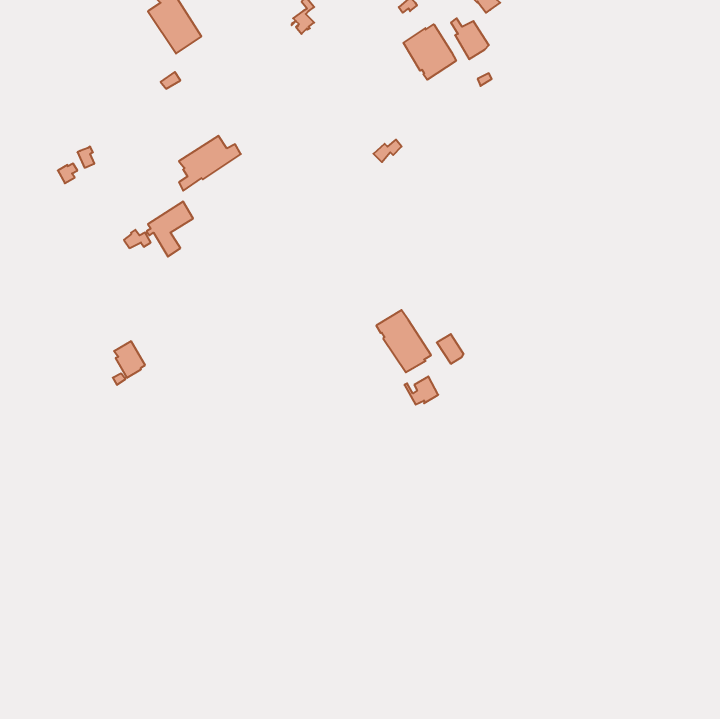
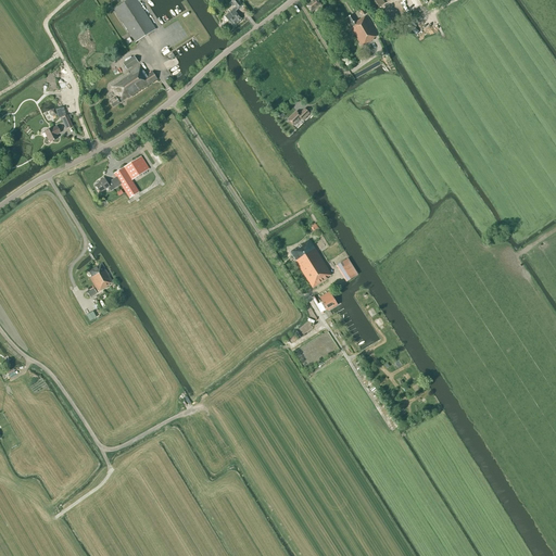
building: [403,24,456,80] -> none
building: [179,136,241,191] -> [110,64,157,106]

